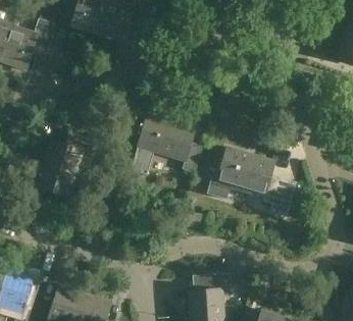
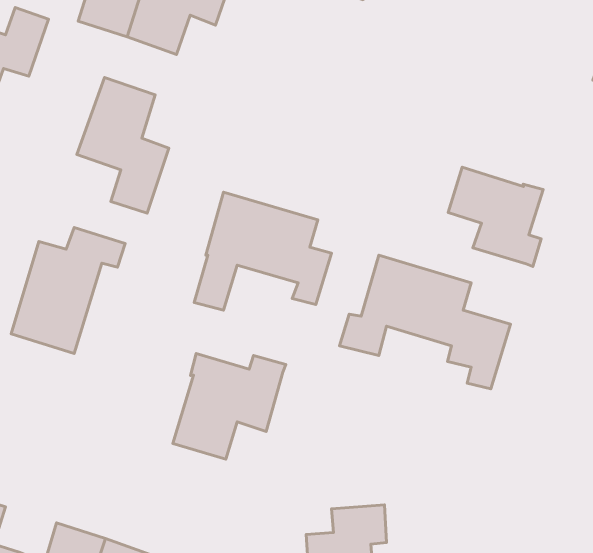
building: none -> [77,77,169,213]
building: none -> [448,167,543,266]
building: none -> [173,353,286,459]

